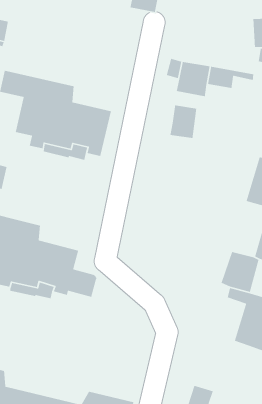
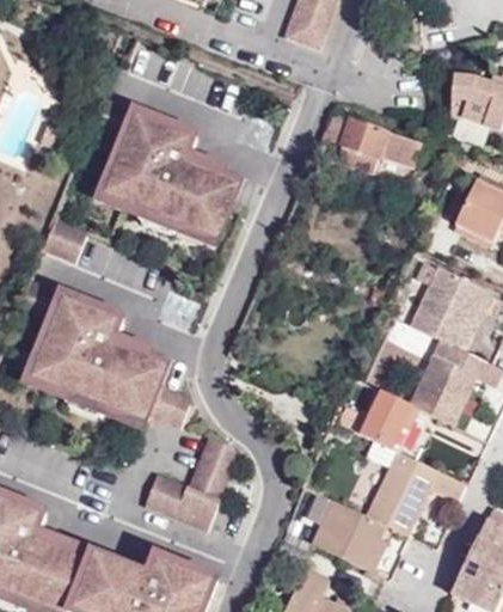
building: [169,104,197,139] -> none
building: none -> [146,439,239,532]
building: none -> [312,498,387,573]

